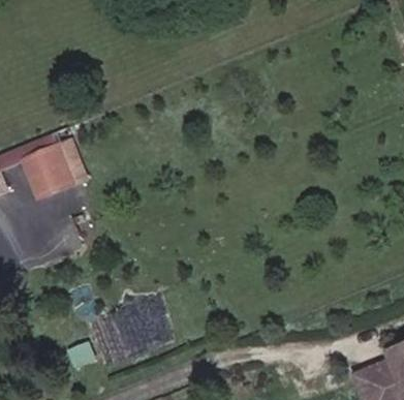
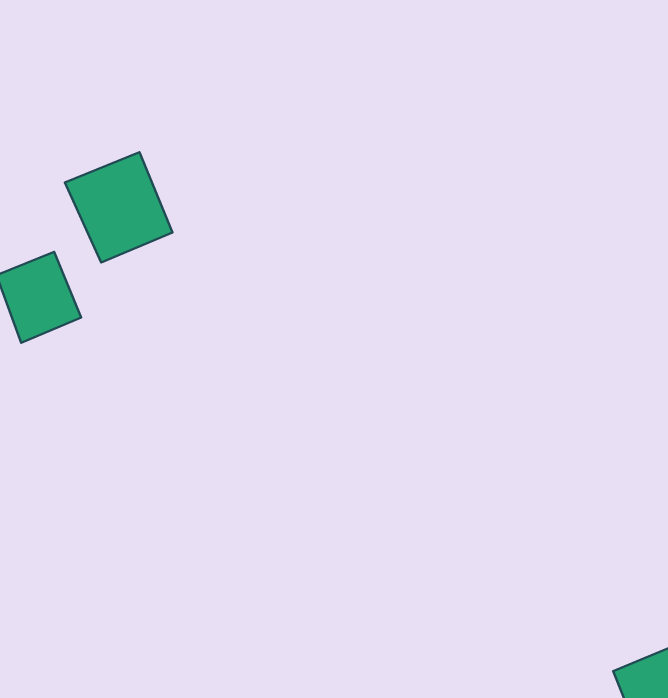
building: none -> [65,152,173,263]

